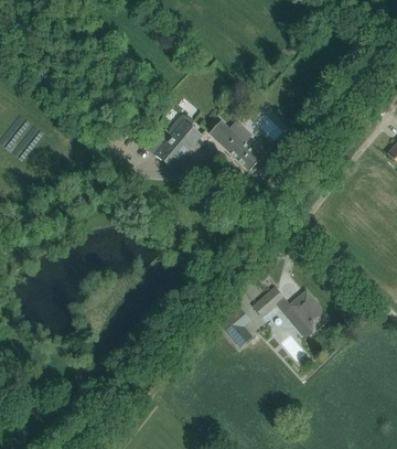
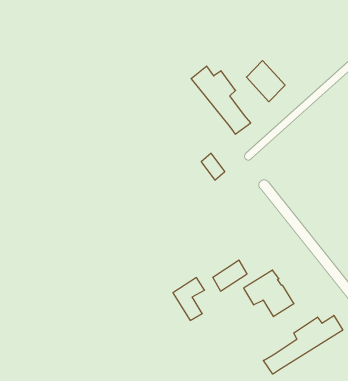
building: [144,115,201,169] -> none
building: none -> [263,315,343,374]

